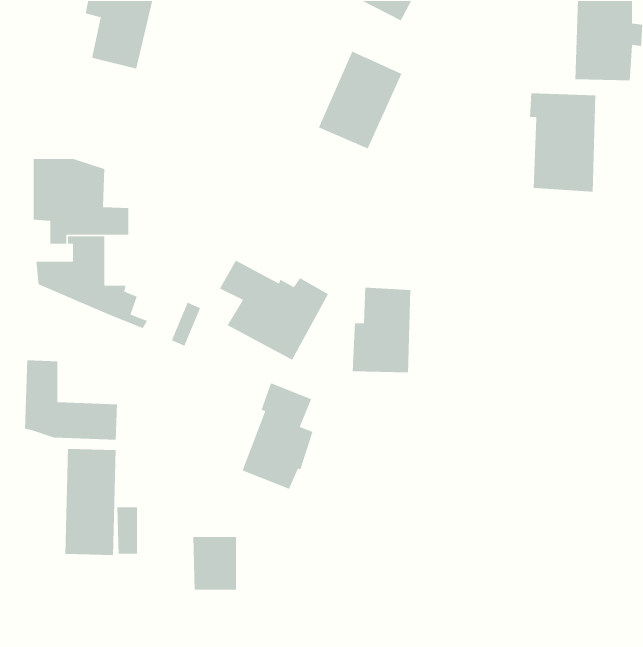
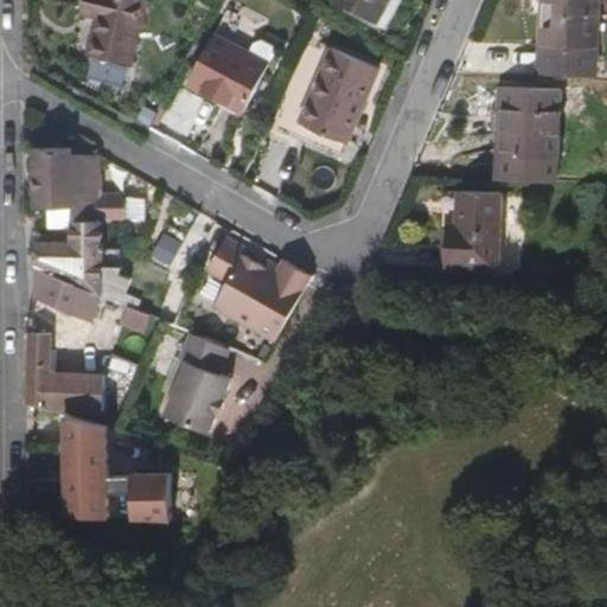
building: none -> [187,34,266,111]
building: none -> [33,266,100,319]
building: [352,287,411,373] -> [443,189,499,269]
building: [241,382,314,490] -> [160,331,228,432]
building: [193,536,237,591] -> [130,469,172,520]

